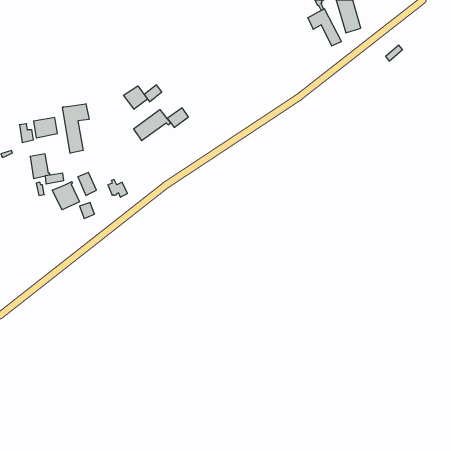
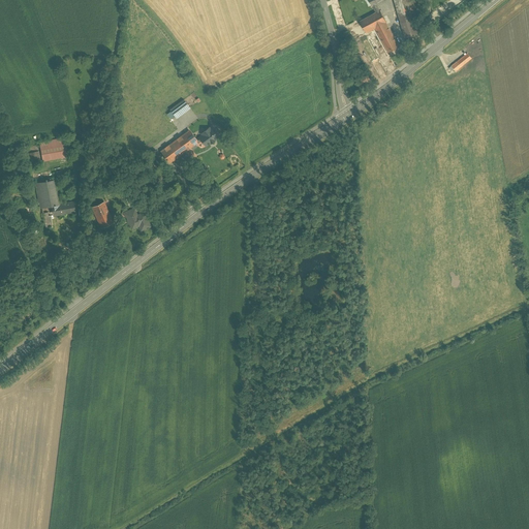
building: [124,86,148,109] -> none
building: [62,104,89,153] -> none
building: [52,182,79,210] -> none

